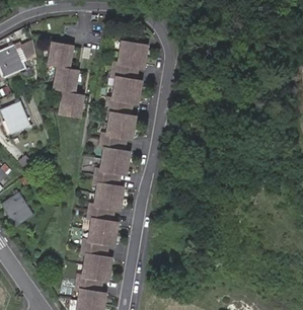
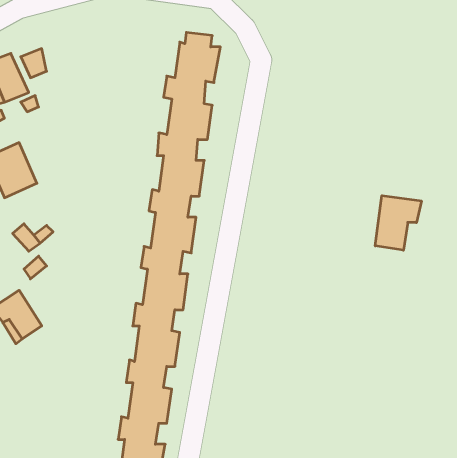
building: [49,42,82,118] -> none
building: none -> [375,196,421,250]

